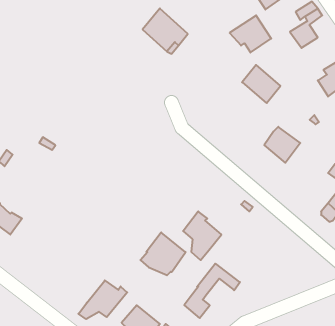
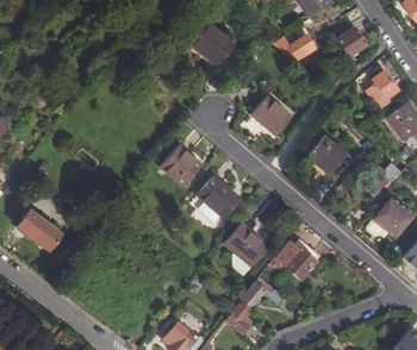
building: [242,65,280,103] -> [253,93,292,132]
building: none -> [161,145,198,181]
building: none -> [270,242,318,280]
building: [140,232,186,275] -> [189,175,236,219]
building: [78,280,127,319] -> none

